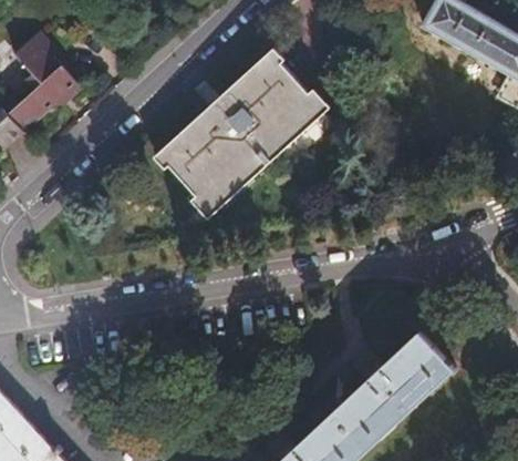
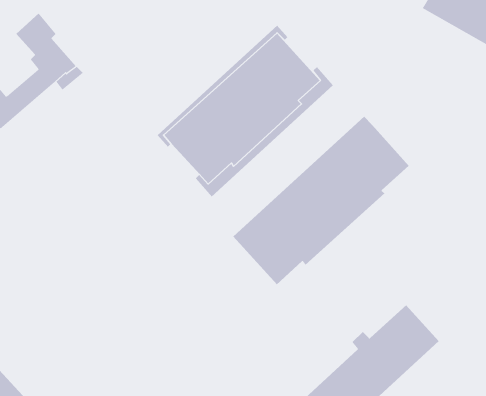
building: none -> [232,116,409,285]

